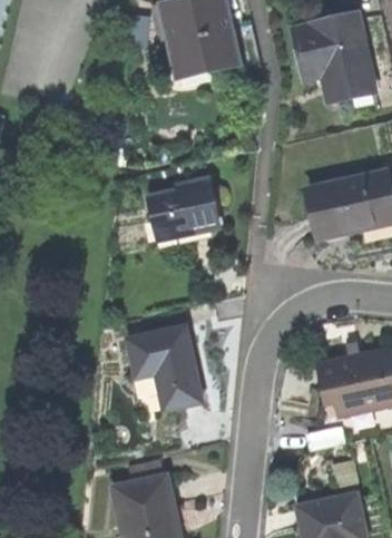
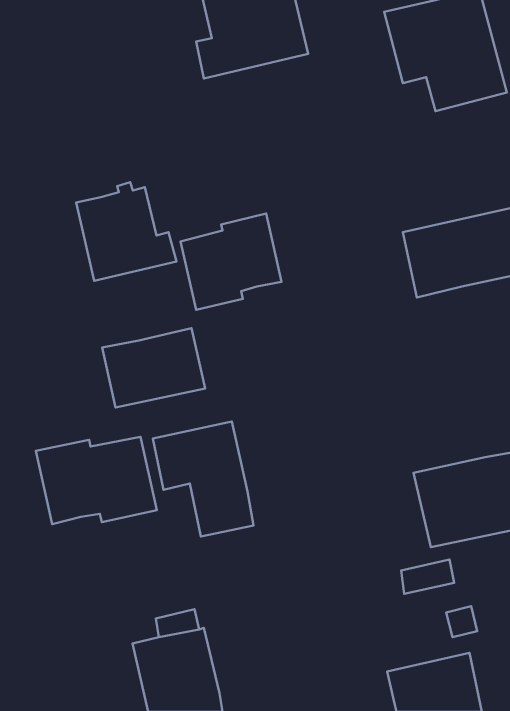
building: none -> [76,182,176,281]
building: none -> [102,328,205,408]
building: none -> [36,437,157,524]

